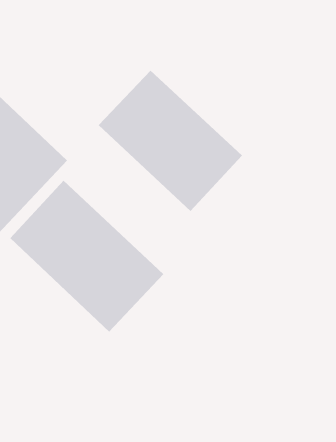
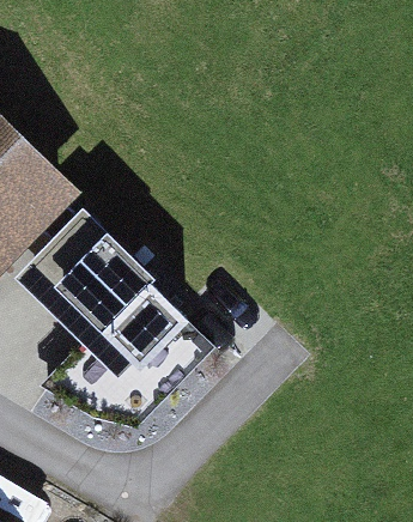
building: [98,70,243,212] -> none

